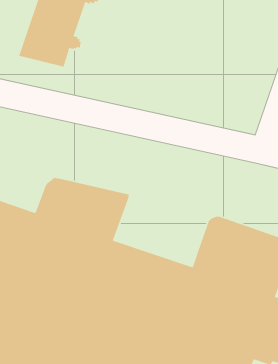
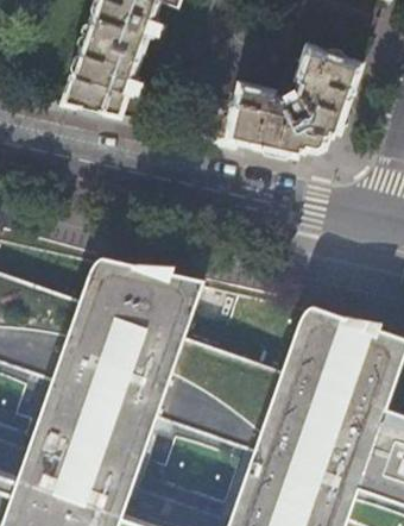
building: none -> [227,45,364,157]

